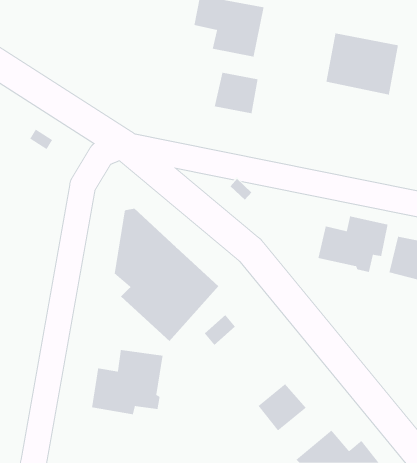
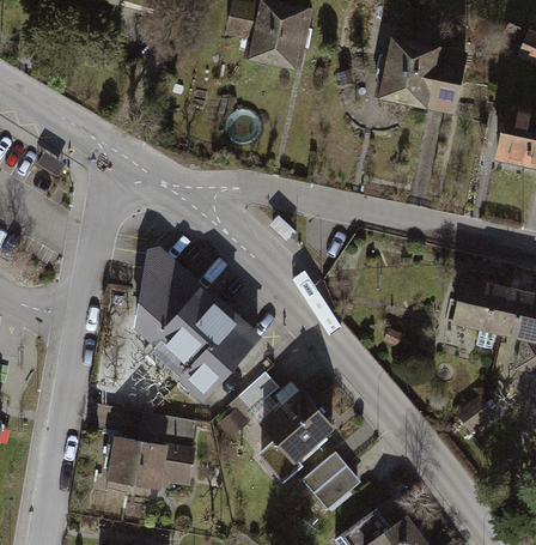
building: [214,72,258,114] -> none
building: [317,215,388,273] -> none
building: none -> [255,379,330,478]

